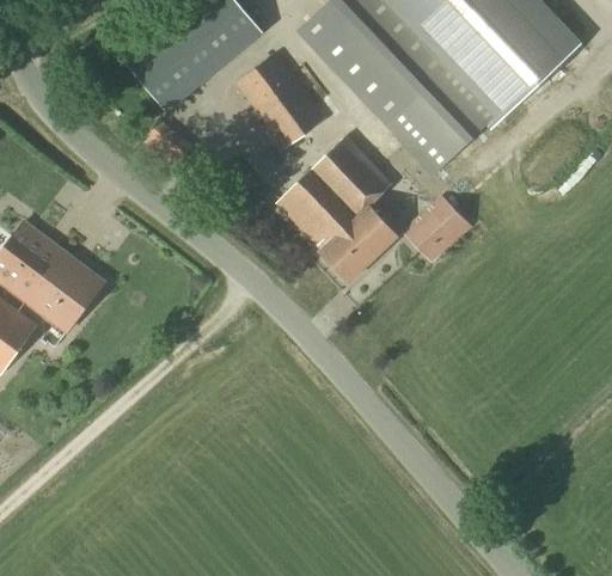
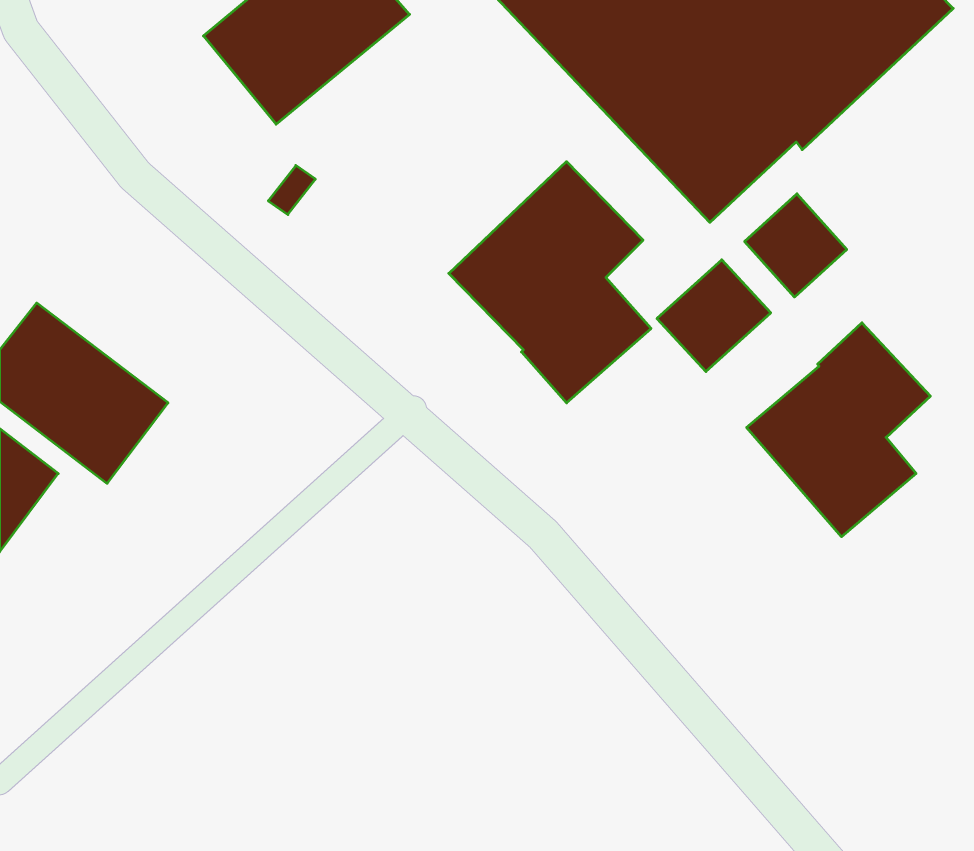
building: [234,51,325,149] -> none
building: none -> [745,194,847,297]
building: none -> [747,323,930,537]

